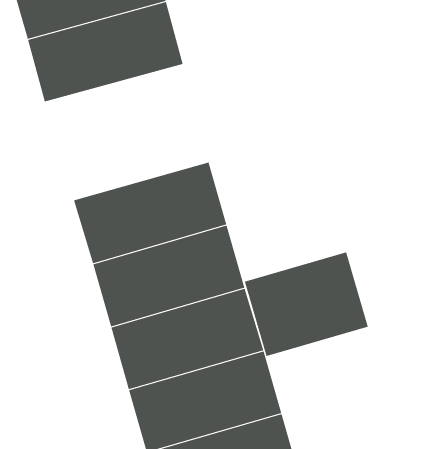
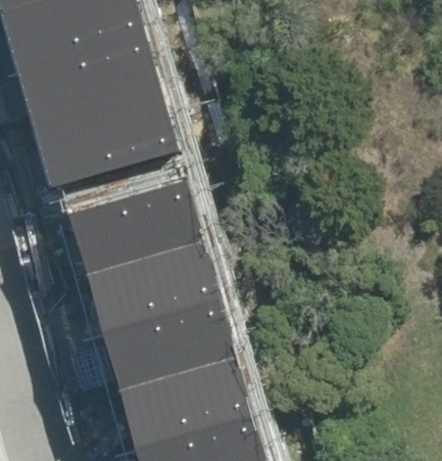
building: none -> [41,93,184,185]
building: [244,252,369,357] -> none

